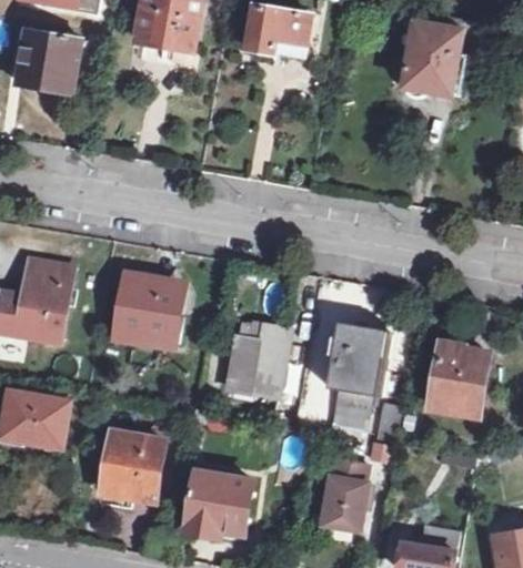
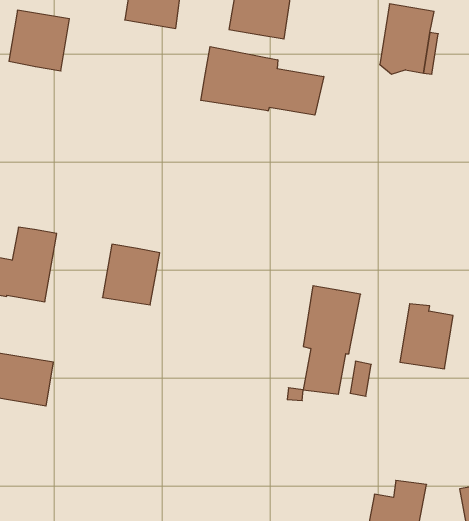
building: none -> [201,47,324,115]
building: [227,322,289,395] -> none
building: [101,432,161,497] -> none
building: [321,458,366,527] -> none
building: [184,471,251,532] -> none

